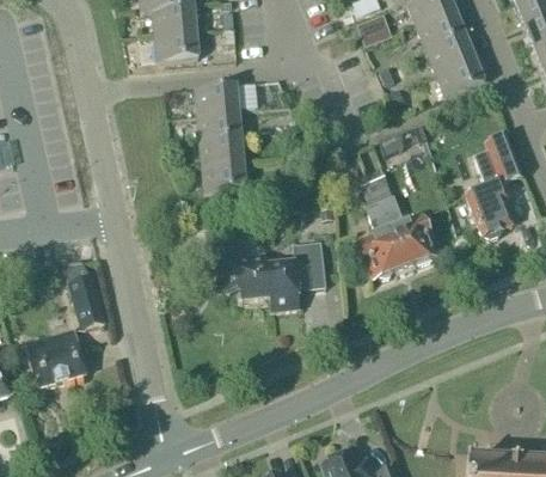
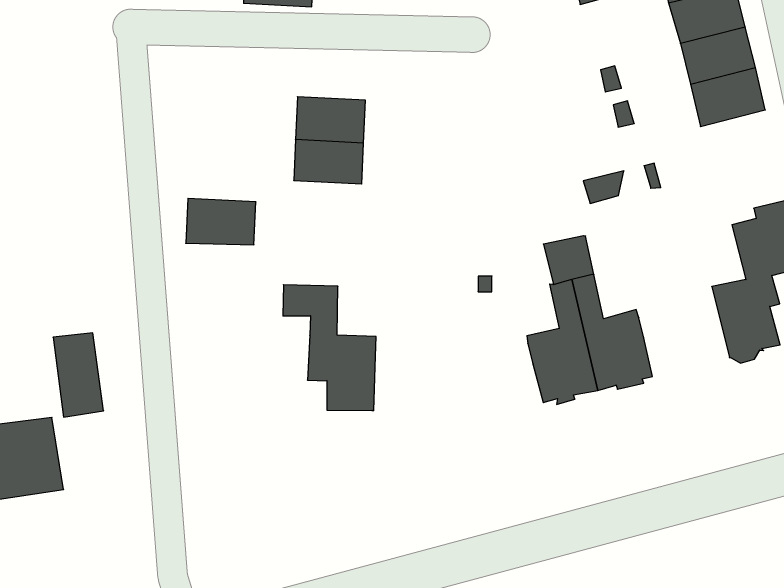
building: [195,82,239,112] -> none
building: [202,160,246,191] -> [186,198,256,245]
building: [266,240,326,310] -> none

